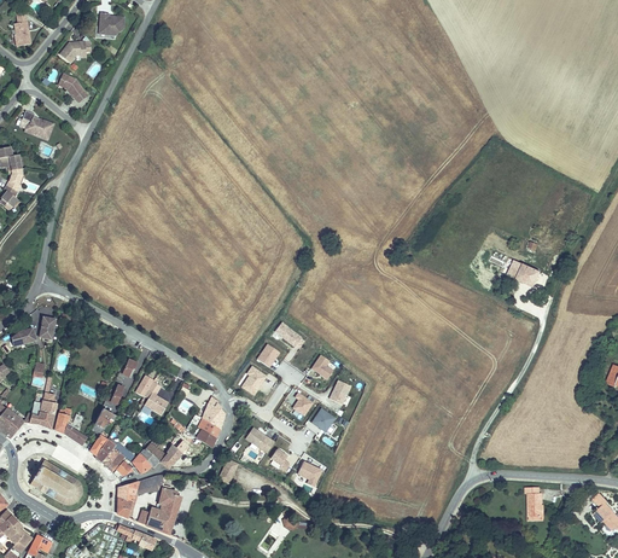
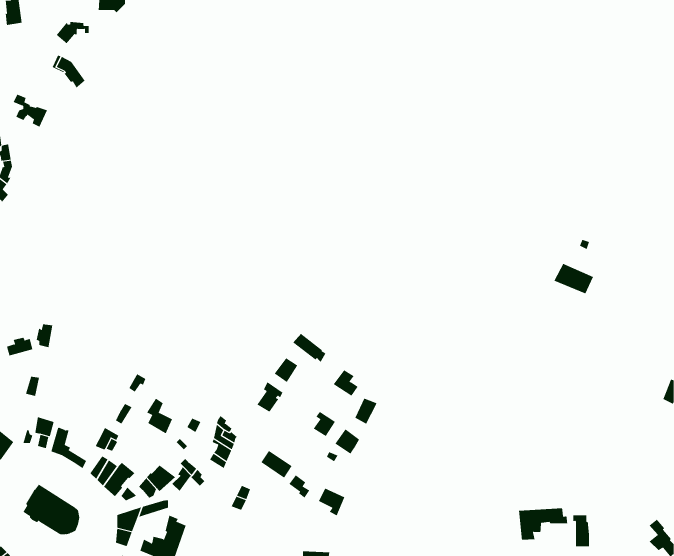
building: none -> [518,508,568,541]

